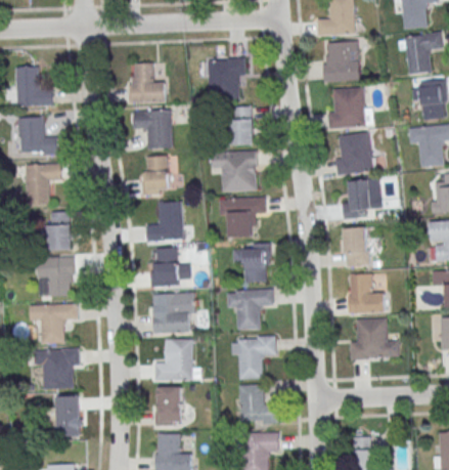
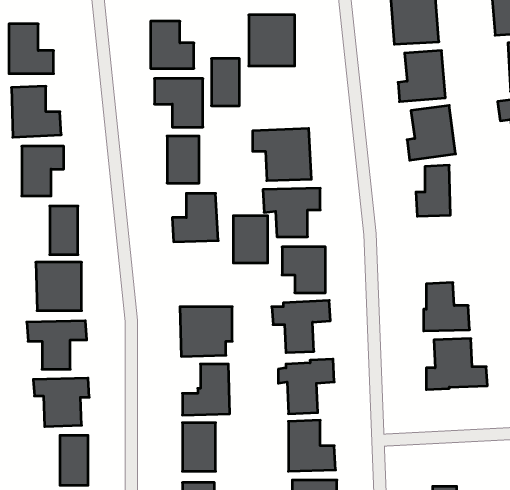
building: [230,106,253,144] -> [211,59,239,106]
building: [344,227,367,265] -> none
building: [150,248,178,286] -> [233,216,268,263]

